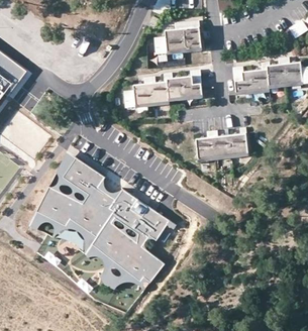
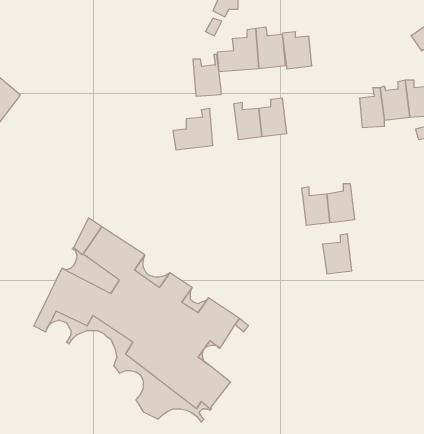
building: [235,69,255,94] -> [282,32,312,69]
building: [151,76,171,104] -> [193,55,221,96]
building: [197,133,217,160] -> [322,234,352,274]

